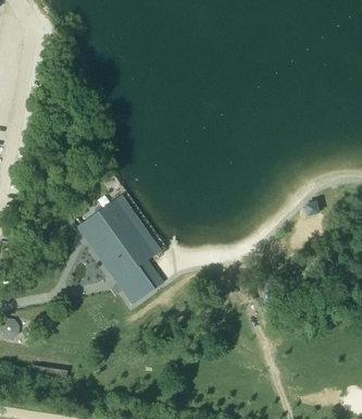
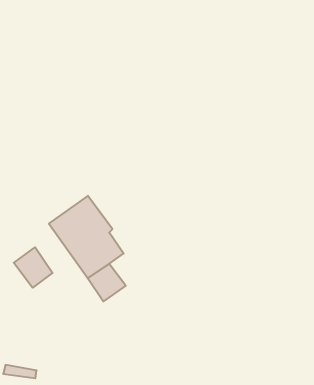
building: none -> [14,247,53,288]

